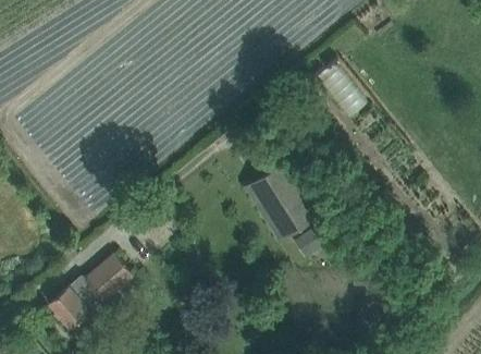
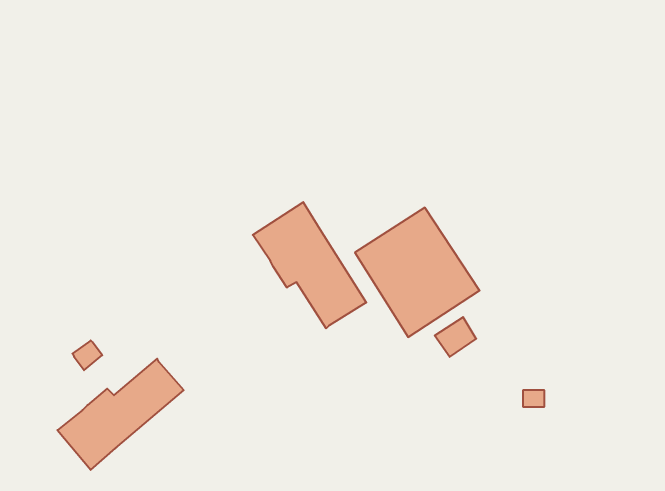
building: none -> [253,202,366,328]

